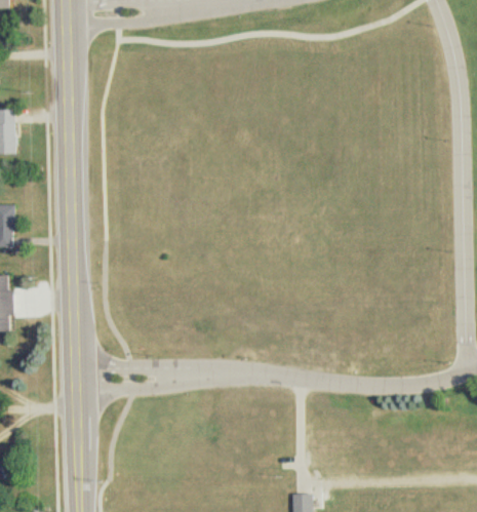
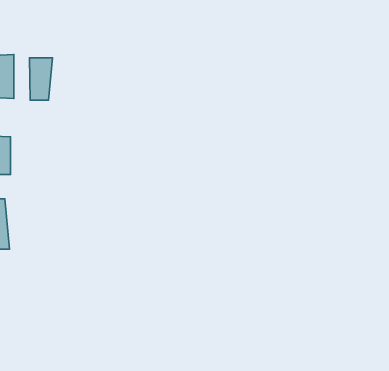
building: none -> [29,58,53,100]

